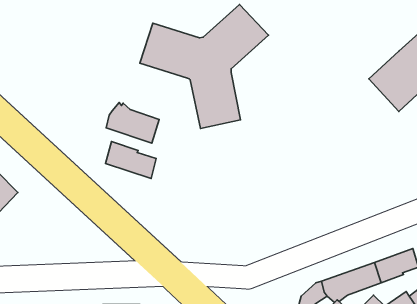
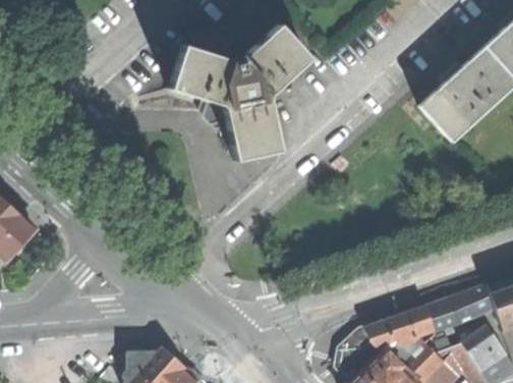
building: [106,103,159,143] -> none
building: [105,141,156,179] -> none

